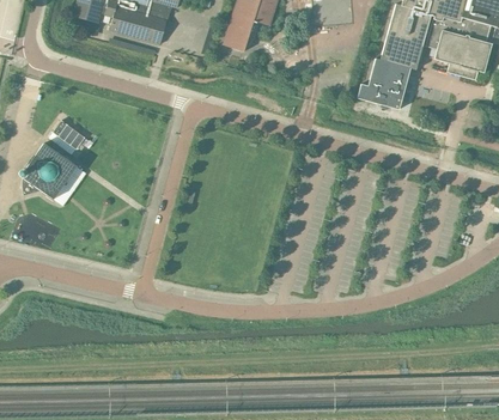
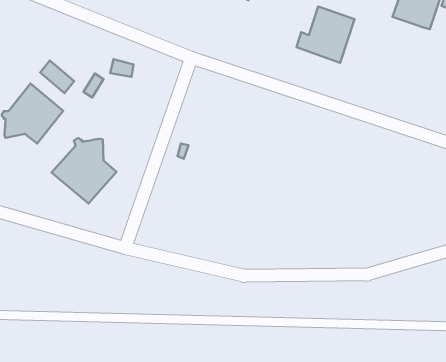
building: [358,57,410,109] -> [297,7,354,63]
building: none -> [52,138,117,203]

